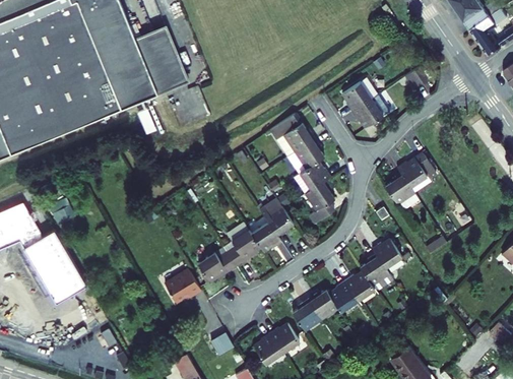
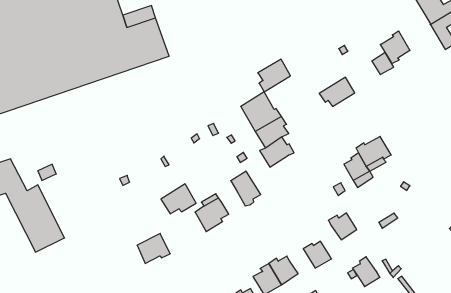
building: none -> [380,31,410,63]
building: [345,74,381,111] -> [258,59,290,92]
building: [305,180,333,224] -> none
building: [255,224,285,253] -> none
building: [201,248,240,281] -> [161,184,196,214]
building: [361,253,391,286] -> [352,257,380,287]
building: [332,280,361,312] -> none

